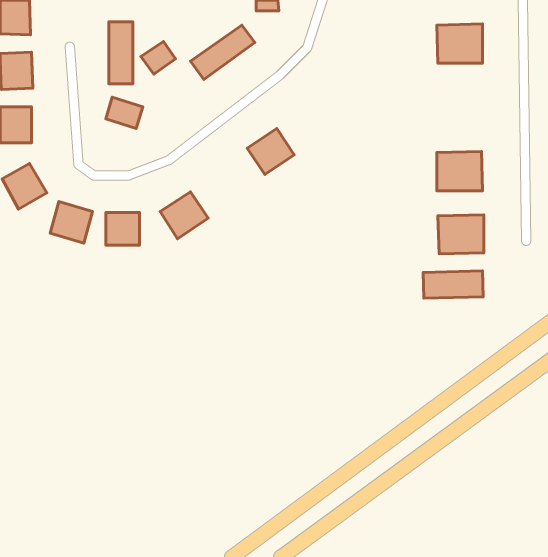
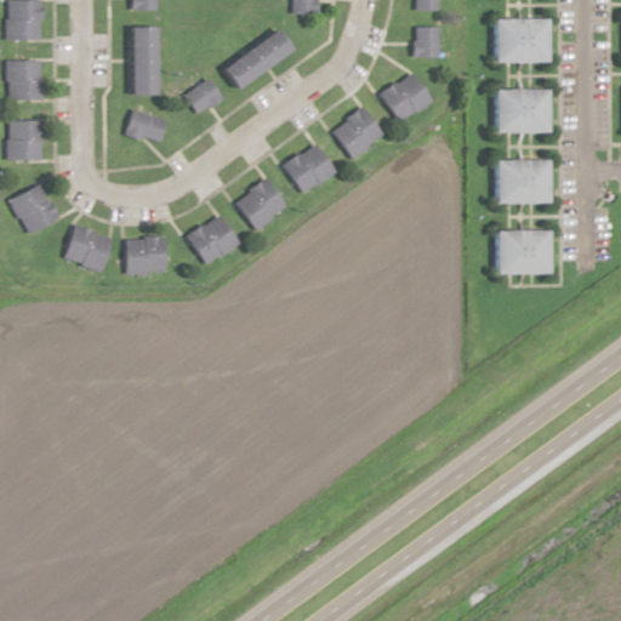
building: none -> [416,25,441,56]
building: [141,41,176,74] -> [186,78,224,114]
building: none -> [382,72,434,123]
building: none -> [496,99,547,143]
building: none -> [334,107,386,159]
building: none -> [237,178,289,229]
building: [423,271,483,298] -> none

